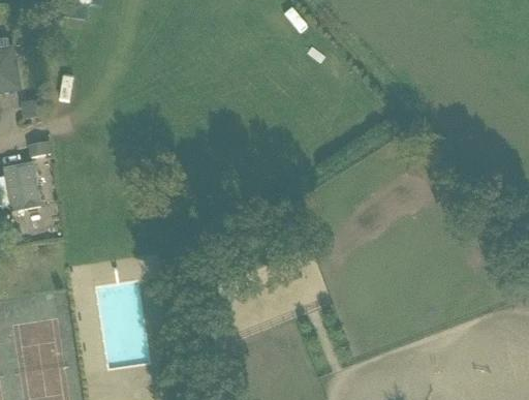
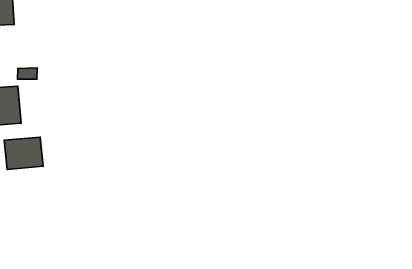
building: none -> [4,137,43,170]

